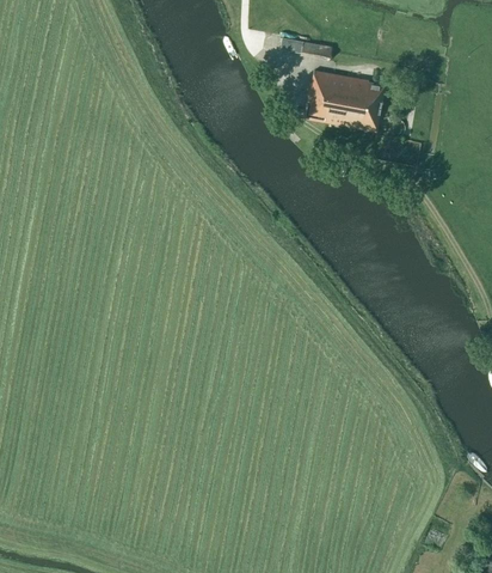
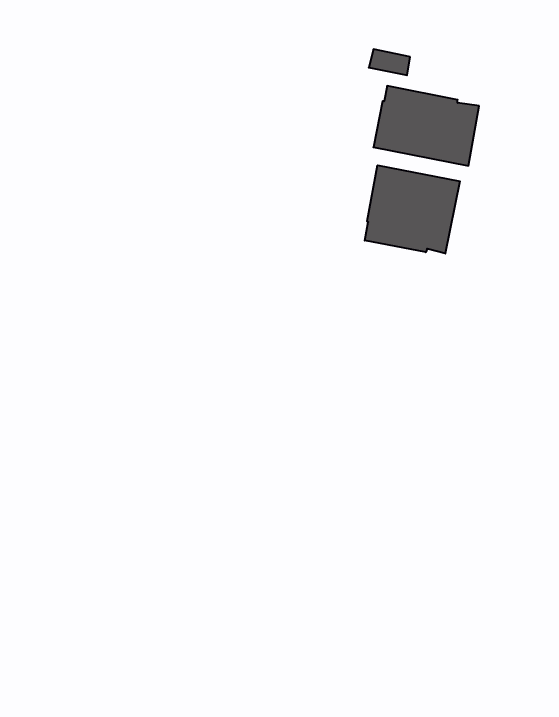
building: none -> [365,165,460,254]

